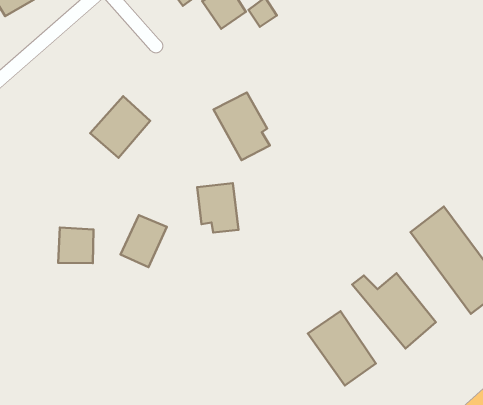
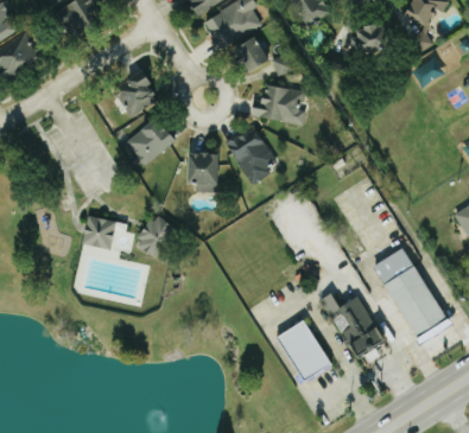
building: none -> [251,83,304,125]
building: none -> [116,70,158,114]
building: [197,183,239,232] -> [188,152,218,192]

